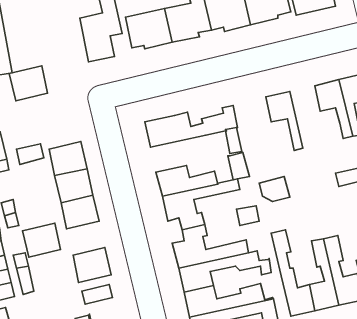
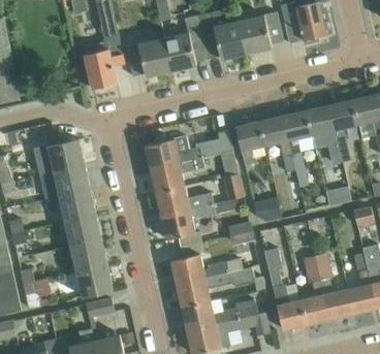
building: [9,66,47,101] -> [48,138,84,171]
building: none -> [282,111,311,187]
building: none -> [235,122,264,166]
building: none -> [150,158,205,193]
building: [22,223,60,257] -> [70,239,106,271]

